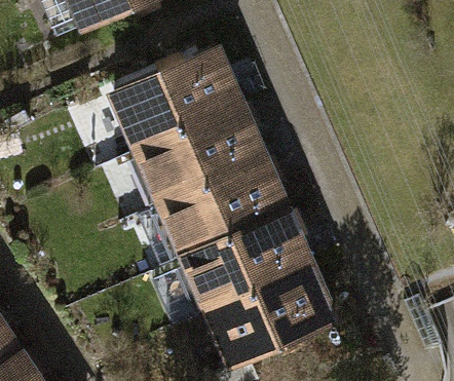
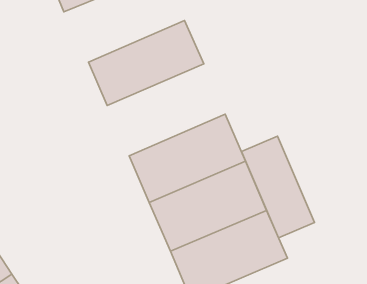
building: [130,102,268,208] -> none
building: none -> [241,136,314,238]

